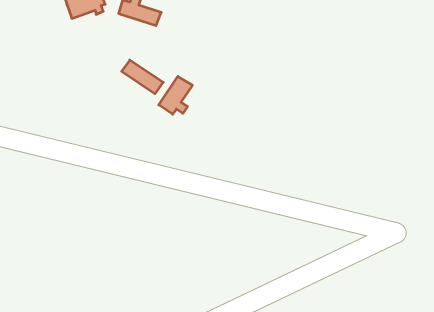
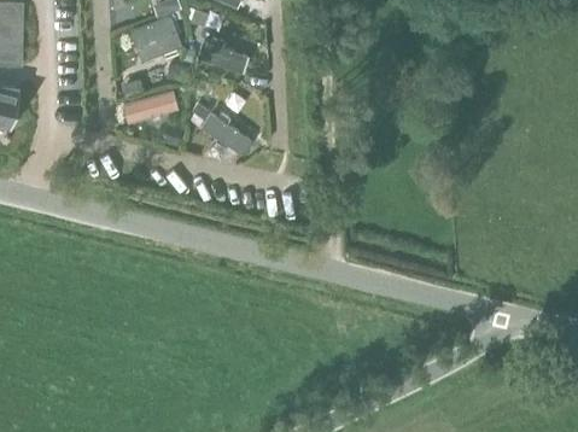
building: none -> [128,89,182,119]
building: [159,76,192,114] -> none

